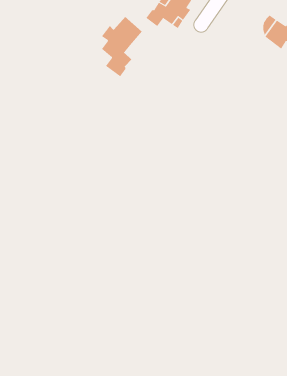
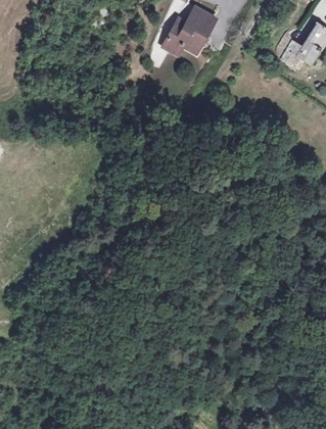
building: [101,16,143,77] -> none

